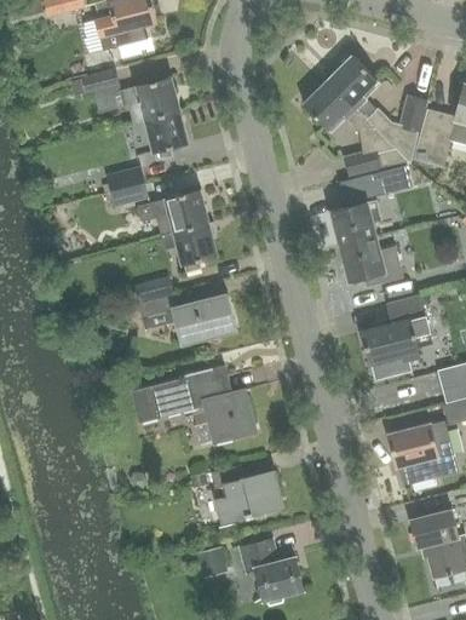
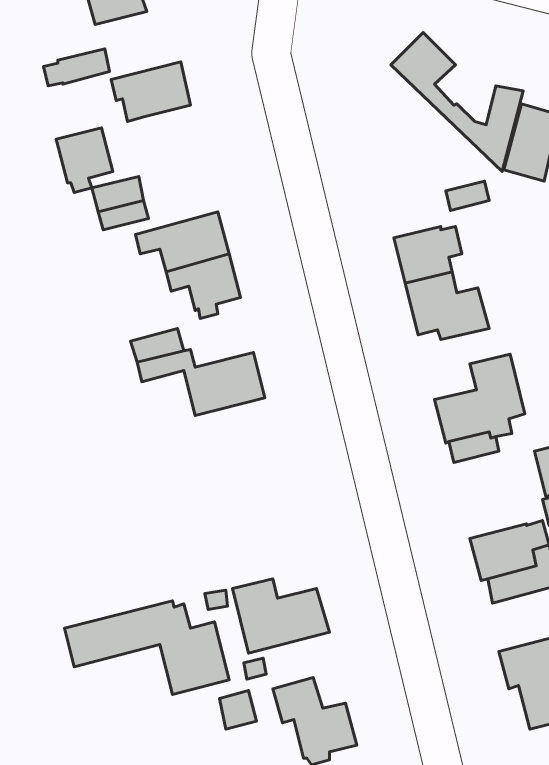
building: [304,80,413,178] -> none
building: [145,110,188,159] -> [56,128,113,193]
building: [133,372,257,442] -> [64,601,229,694]

